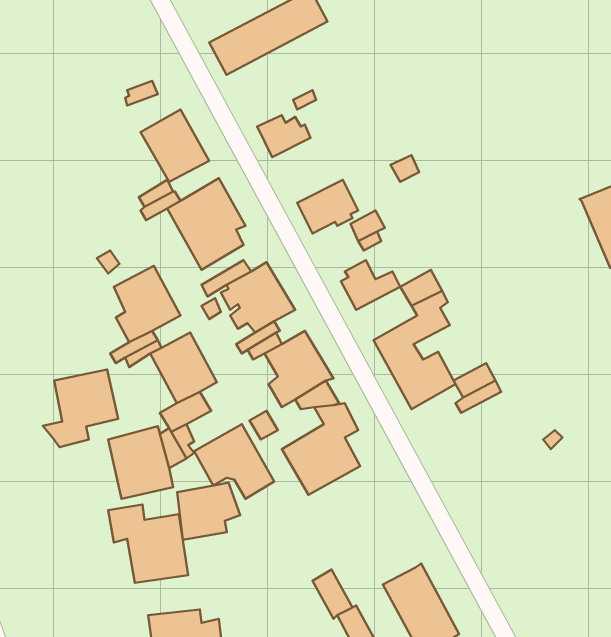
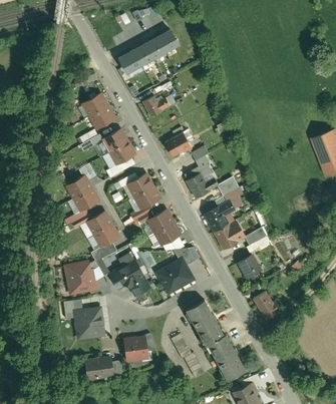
building: [43,370,118,447] -> none
building: none -> [236,253,263,280]
building: [177,483,240,540] -> [123,333,156,363]
building: none -> [253,290,285,318]
building: none -> [187,298,225,343]

